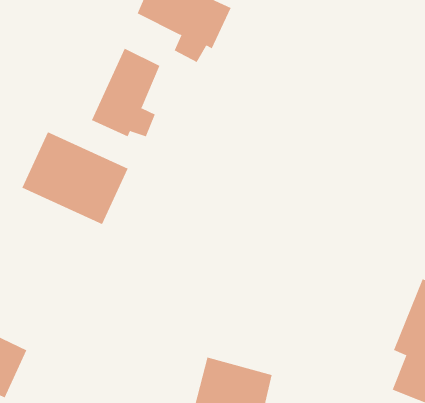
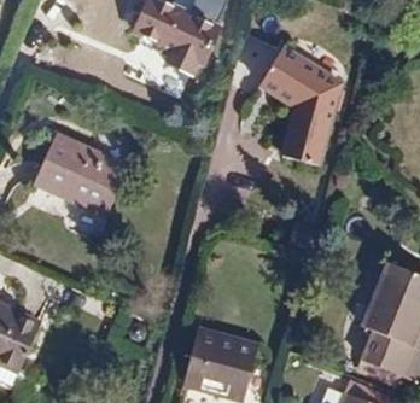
building: none -> [261,47,342,164]
building: [91,48,160,137] -> none

